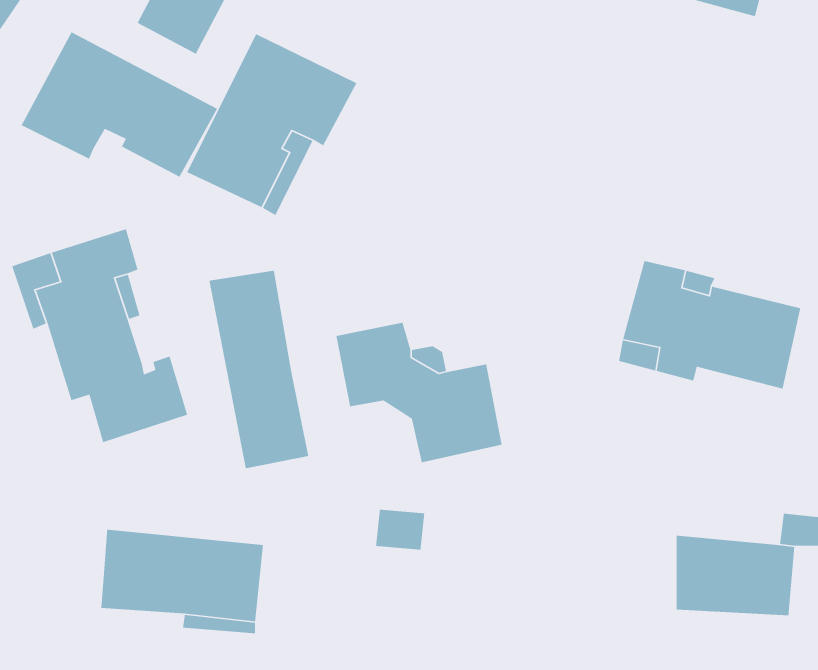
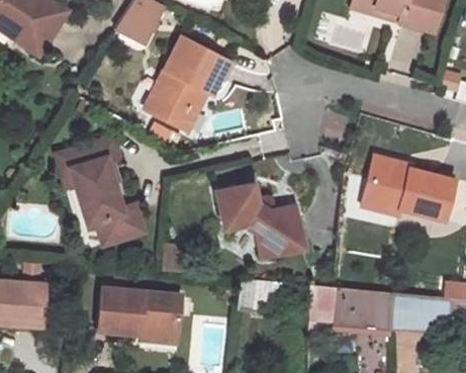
building: [21,31,218,178] -> none
building: [208,270,309,469] -> none
building: none -> [312,286,391,331]

